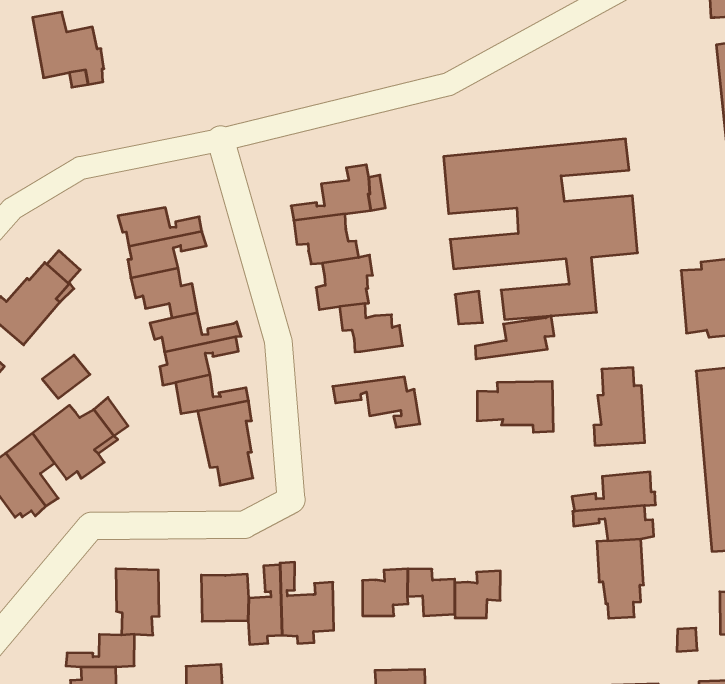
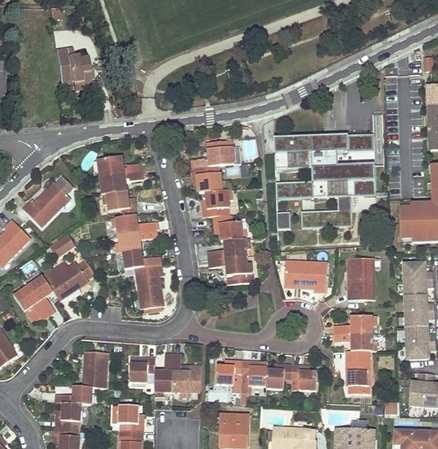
building: [475,316,554,359] -> [207,237,250,258]
building: none -> [291,363,316,389]

